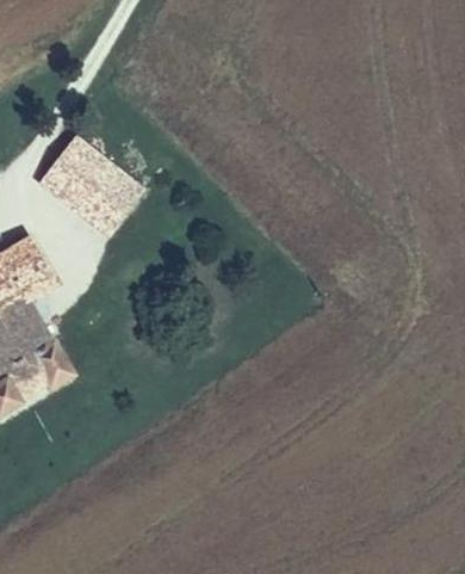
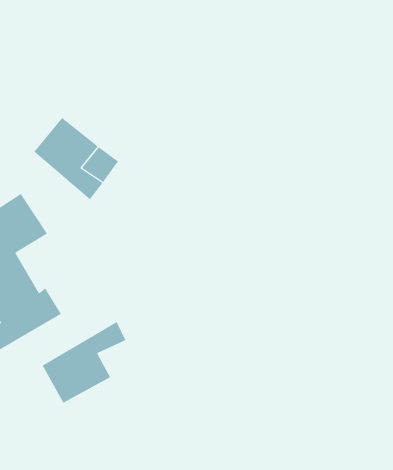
building: none -> [42,321,126,404]

